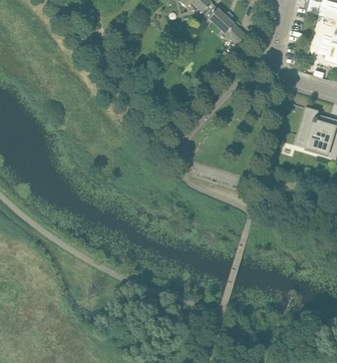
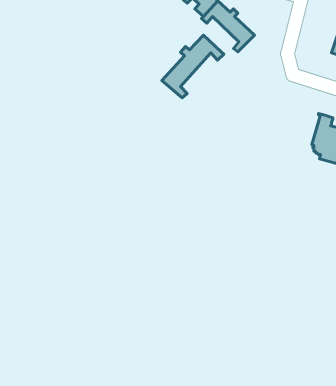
building: none -> [162,35,224,98]

